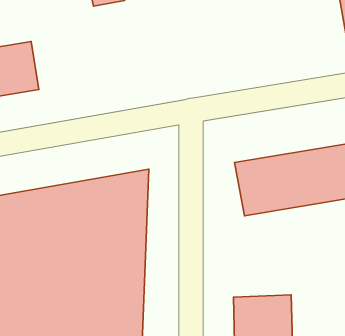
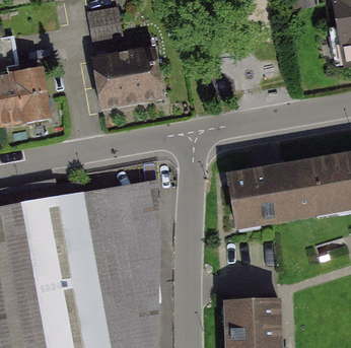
building: none -> [92,48,164,105]

